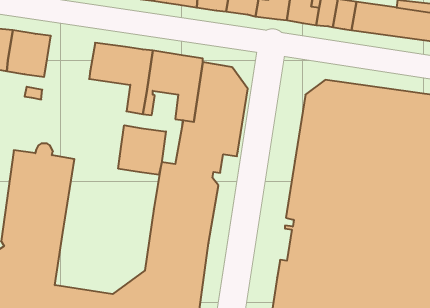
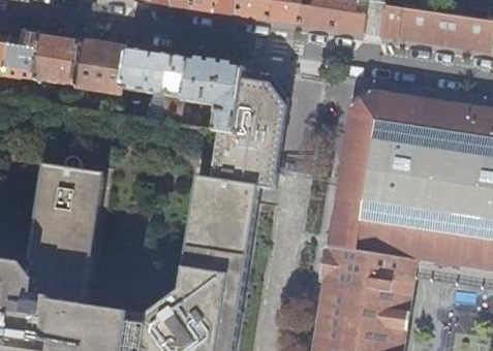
building: none -> [71,43,125,93]
building: [118,125,166,175] -> none

